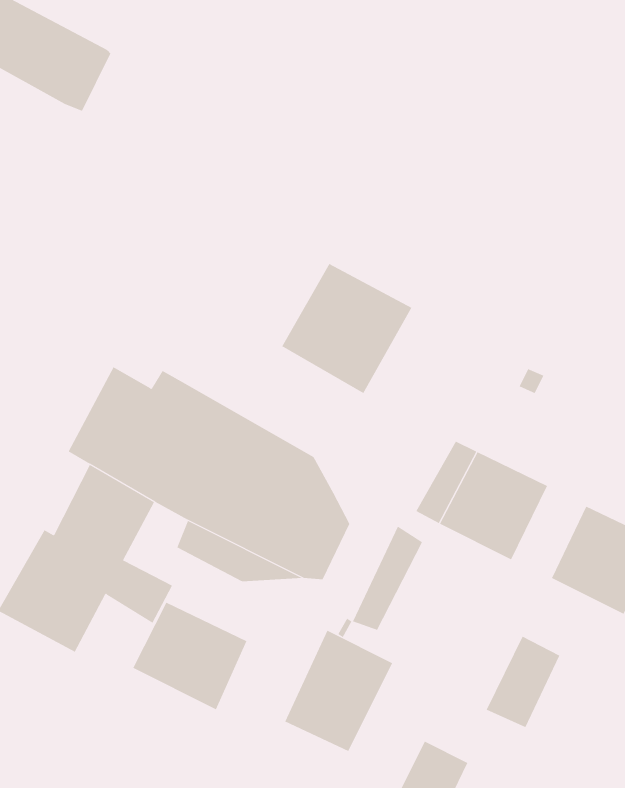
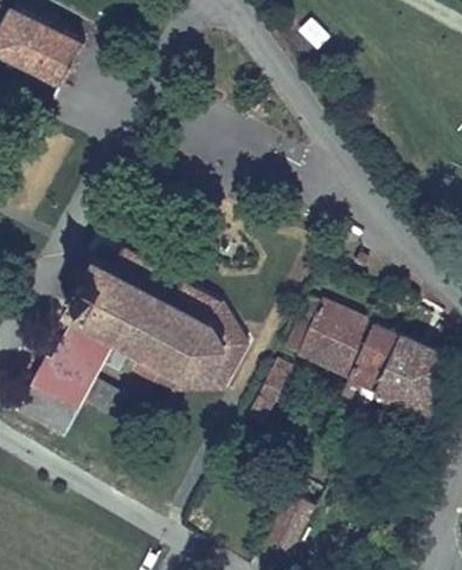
building: [281,263,412,394] -> none
building: [133,602,247,710] -> none
building: [284,630,393,752] -> none
building: [486,636,560,728] -> [348,329,397,389]

